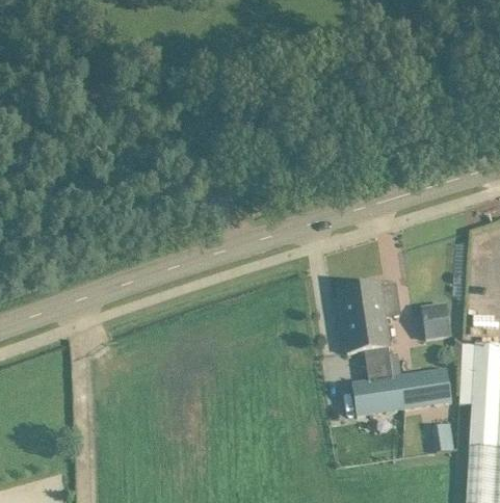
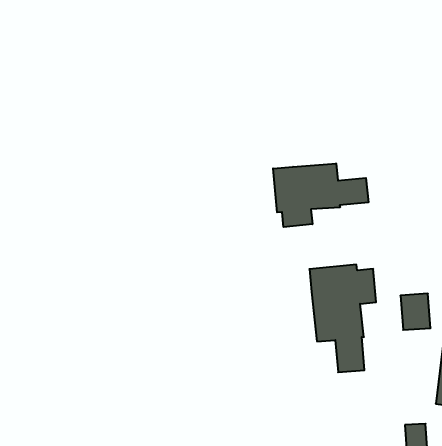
building: none -> [273,163,368,227]
building: [352,368,452,416] -> none

